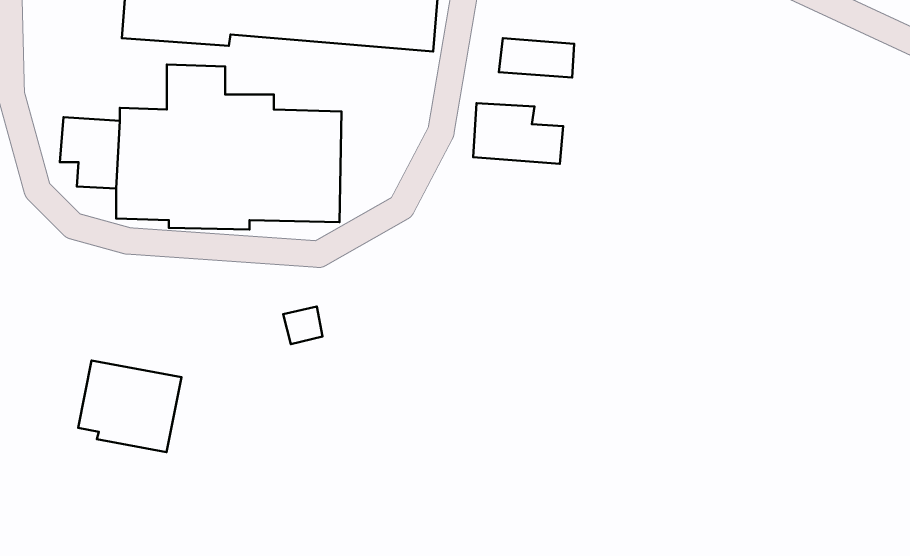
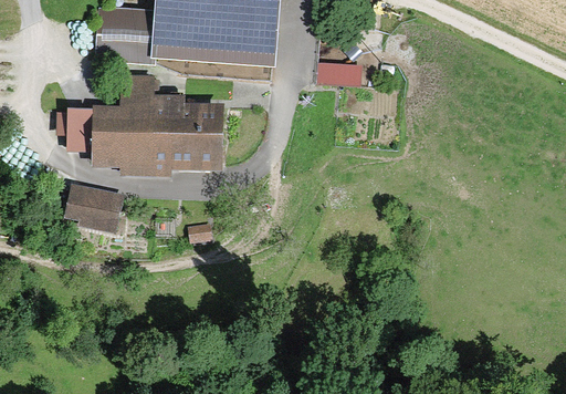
building: [473,103,563,164] -> none
building: [78,360,181,452] -> [64,182,125,236]

